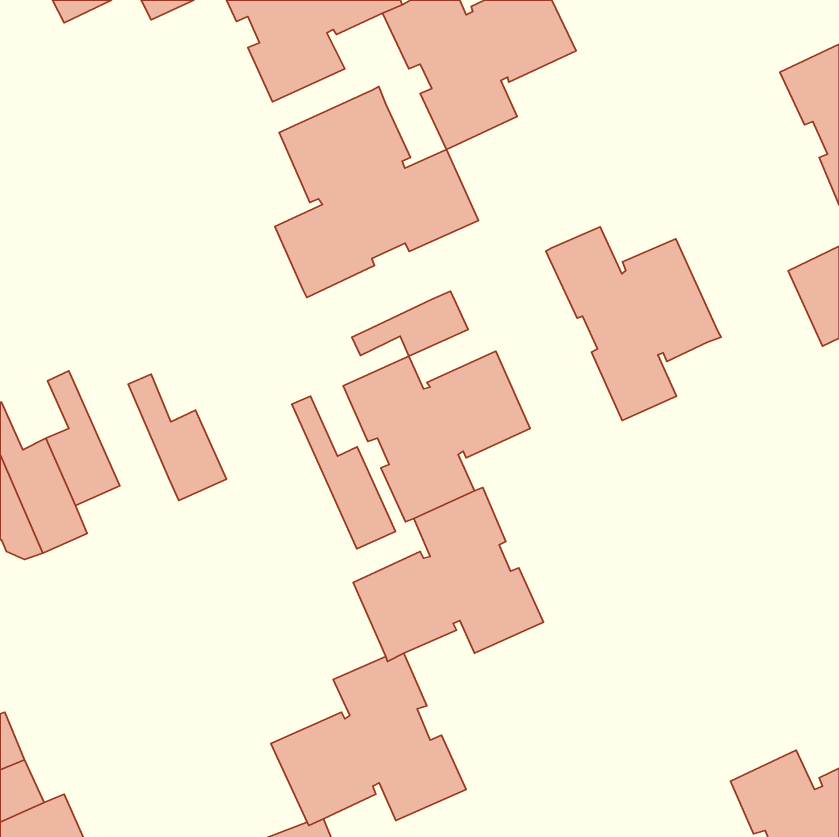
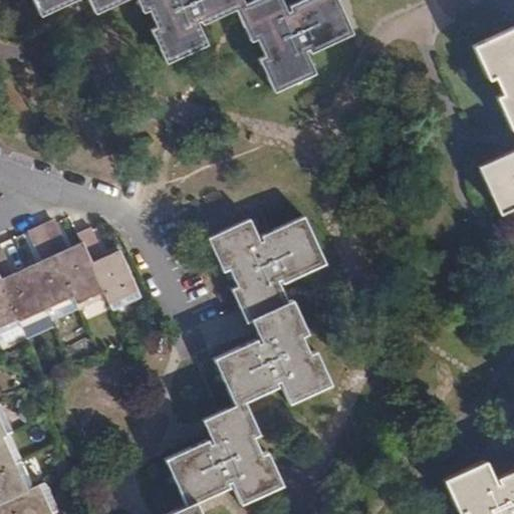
building: [275,87,478,298] -> none
building: [546,227,721,421] -> none
building: [352,291,468,356] -> none
building: none -> [42,222,103,305]
building: [292,396,395,549] -> none

